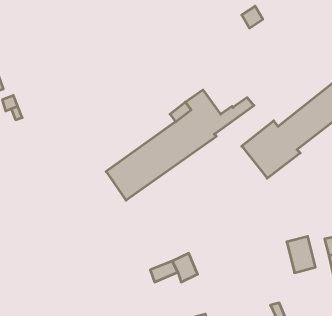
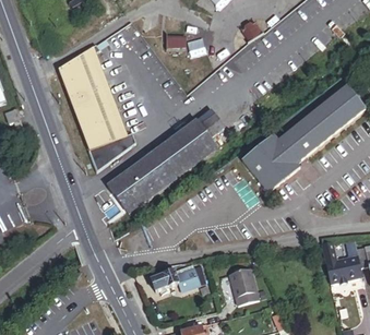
building: none -> [58,44,135,170]
building: [287,236,315,273] -> [229,267,258,303]

